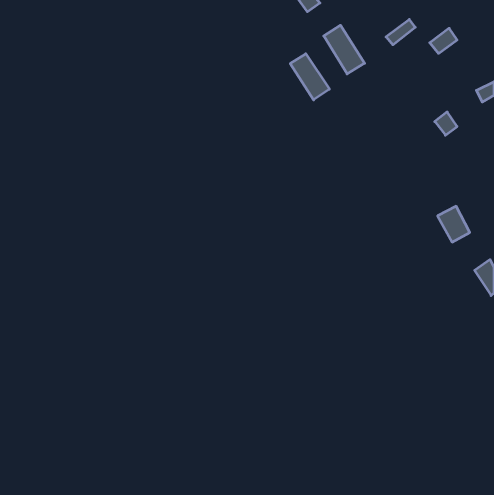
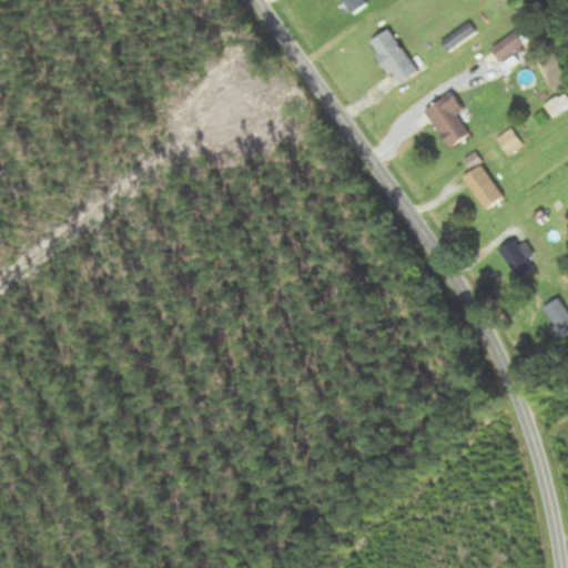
building: [290,54,329,100] -> none
building: none -> [423,92,469,148]
building: none -> [463,164,504,209]

